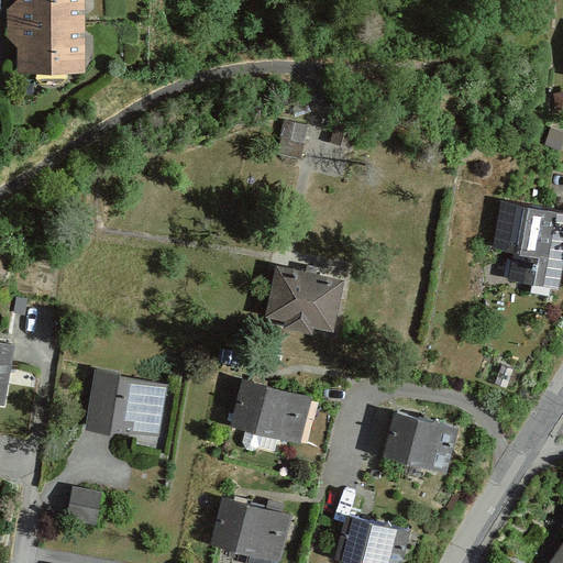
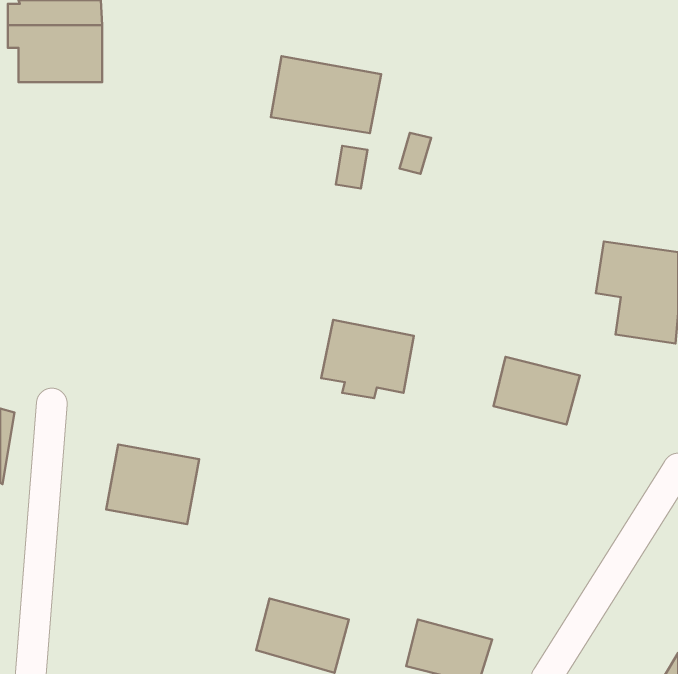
building: none -> [271,56,381,133]
building: [233,382,306,440] -> none
building: [385,413,456,470] -> [494,357,580,425]
building: [68,489,101,526] -> none

